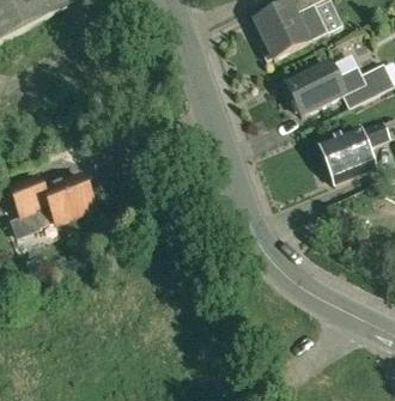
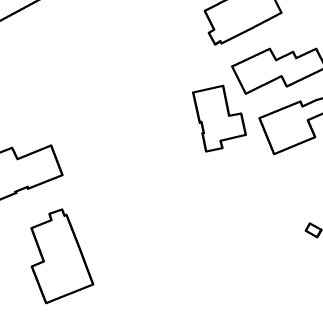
building: none -> [193,86,246,152]
building: none -> [31,209,93,303]

